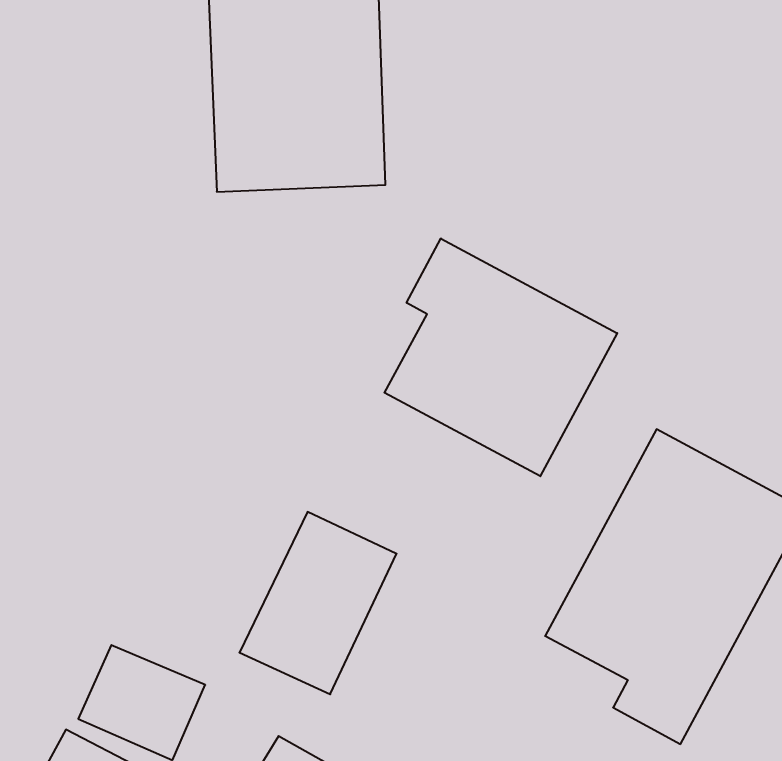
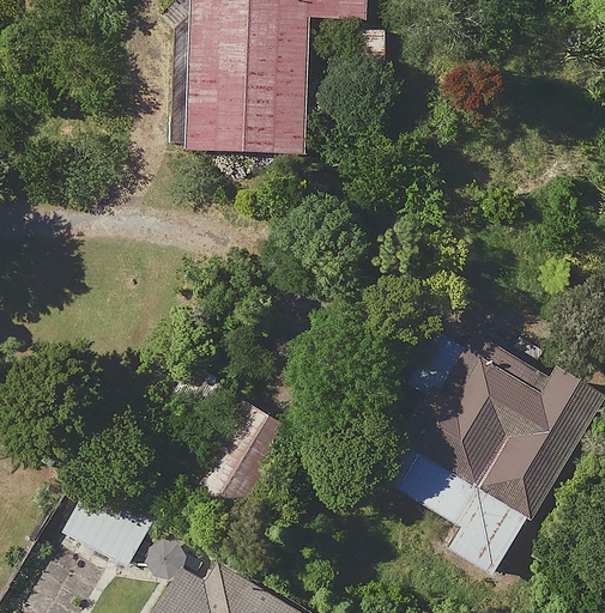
building: [384,238,617,476] -> none

